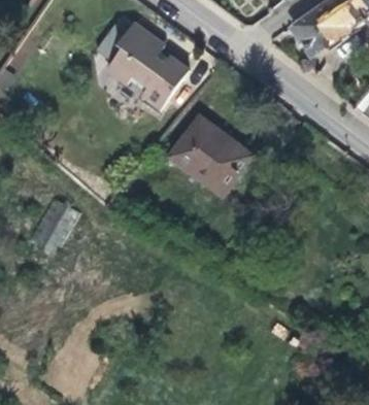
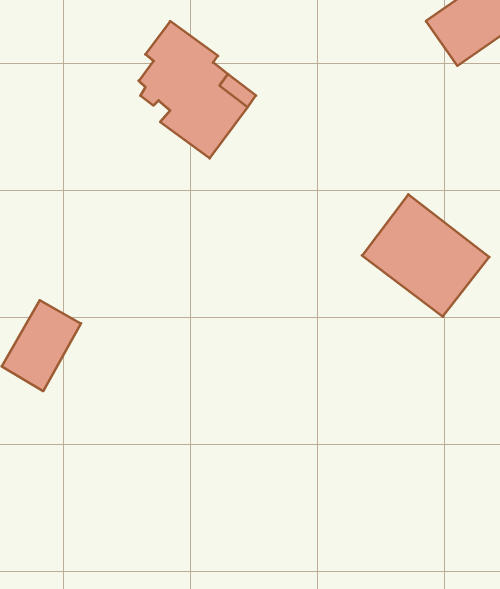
building: [171,120,250,196] -> [362,194,489,317]

